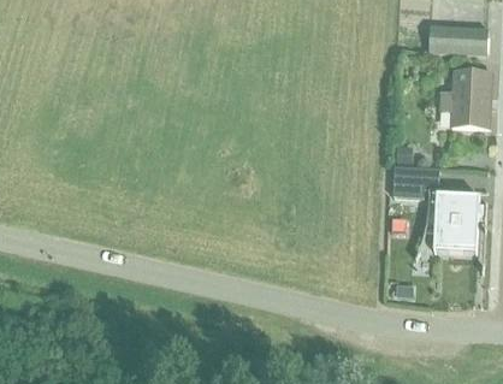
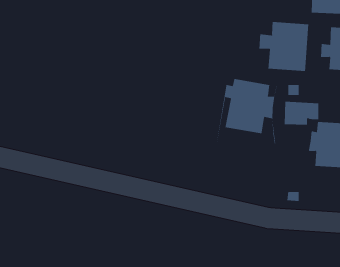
building: none -> [259,21,309,72]
building: none -> [216,78,278,145]

